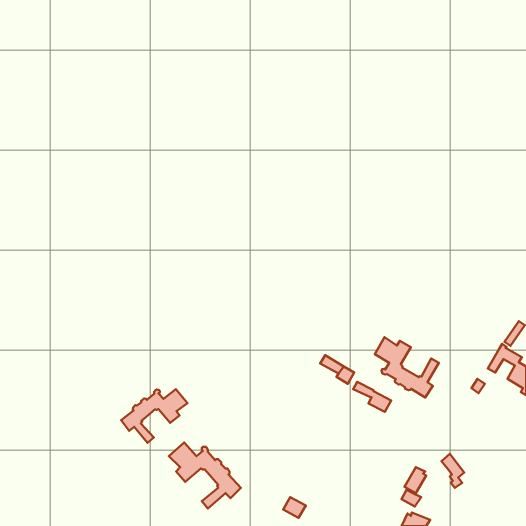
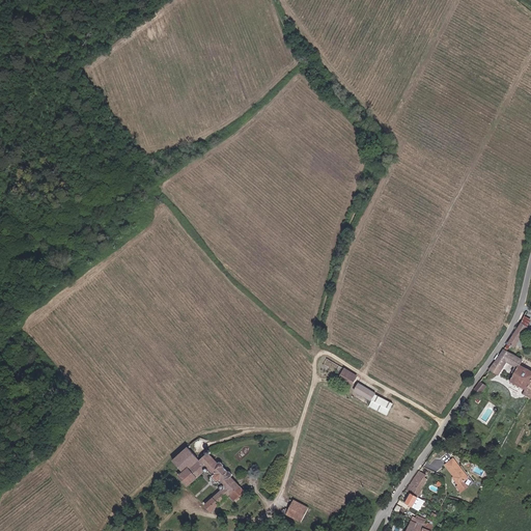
building: [375,337,439,398] -> none
building: [121,389,188,443] -> none

